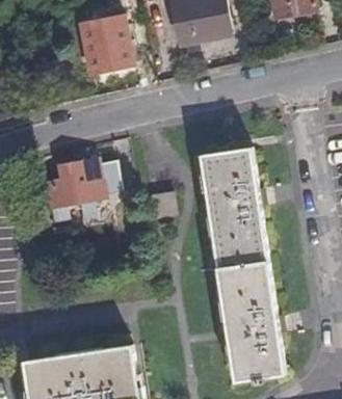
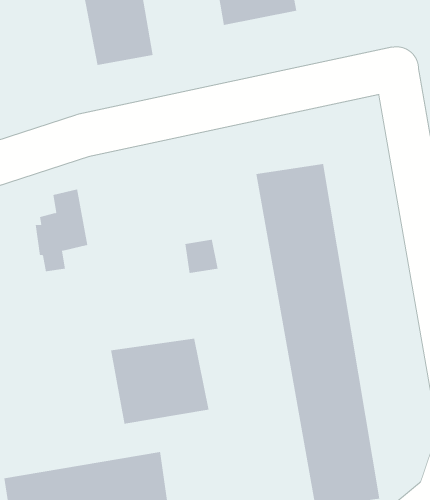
building: [75,157,119,216] -> none
building: none -> [111,338,209,424]

